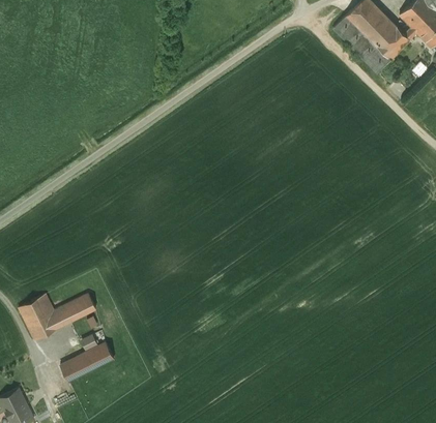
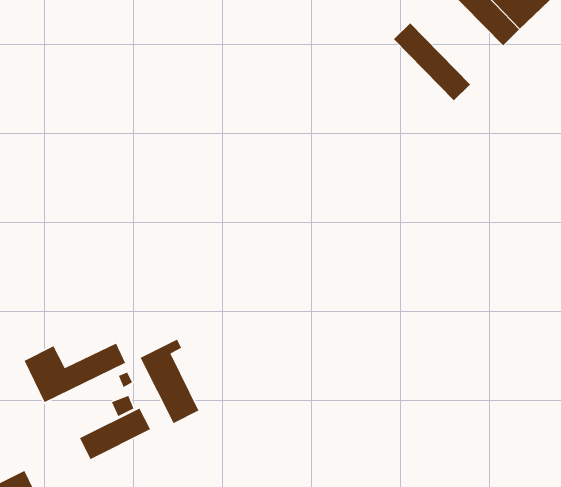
building: none -> [393,22,471,101]
building: none -> [140,339,200,424]

